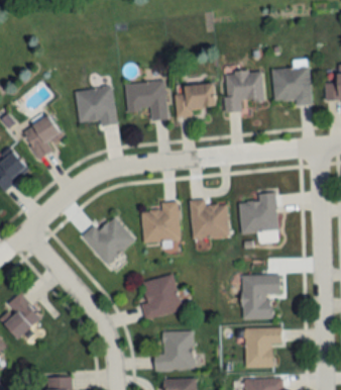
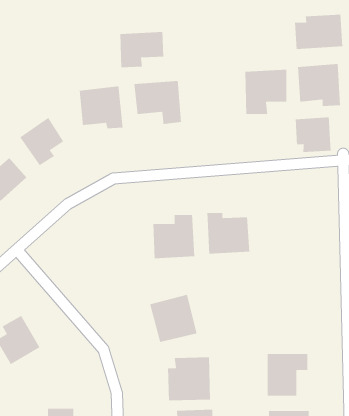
building: none -> [294,14,343,50]
building: [176,84,216,117] -> [119,31,164,68]
building: none -> [295,117,332,153]
building: [240,192,278,232] -> none
building: [84,216,135,264] -> none
building: [242,274,280,318] -> none

